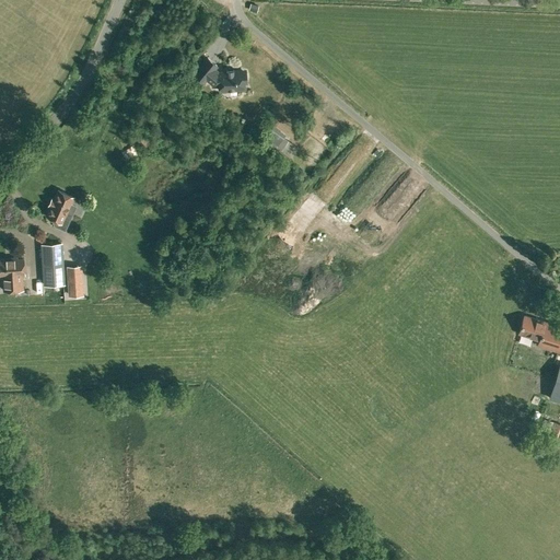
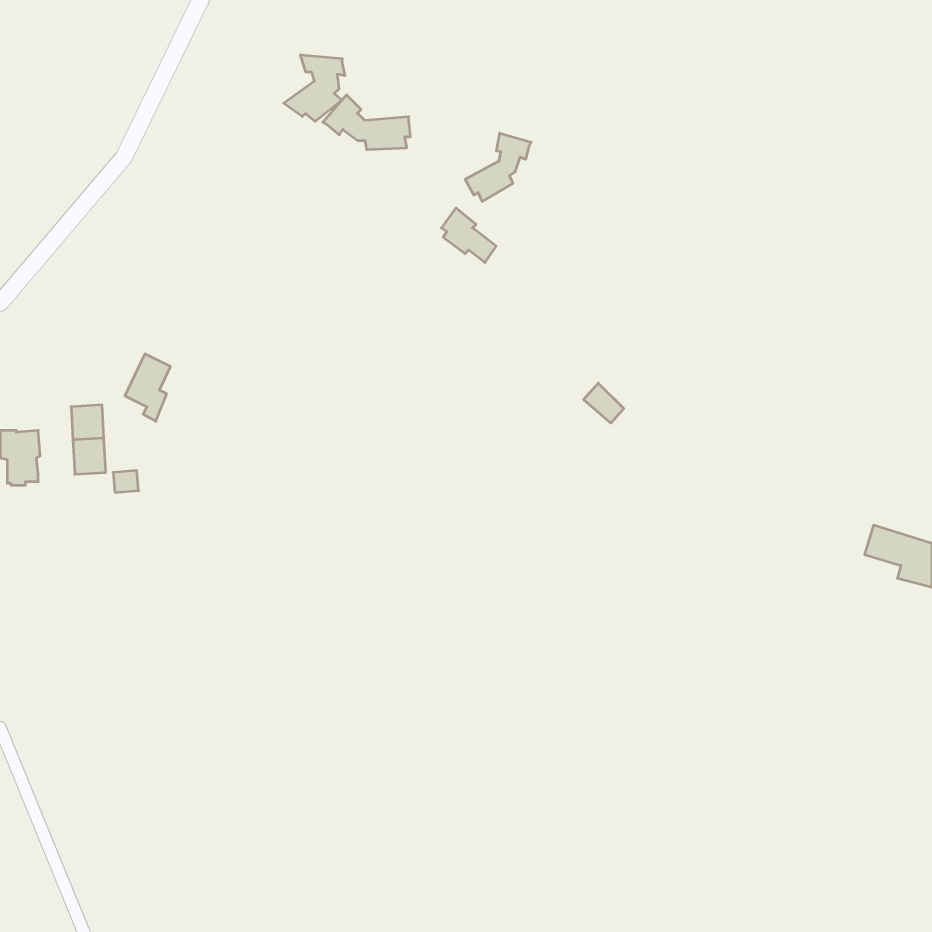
building: none -> [284,55,345,121]
building: none -> [465,133,531,201]
building: [46,189,73,230] -> [125,354,170,421]

